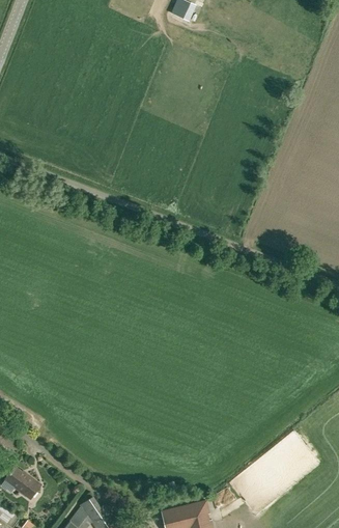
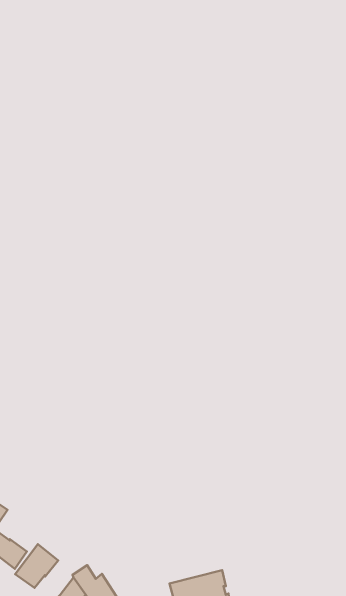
building: none -> [15,544,58,588]

